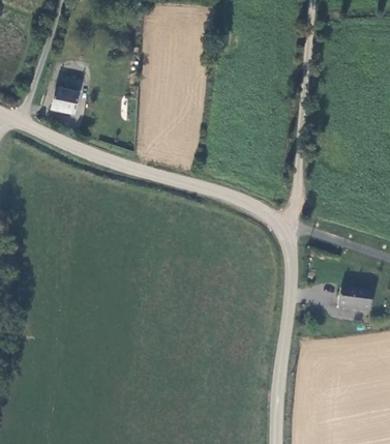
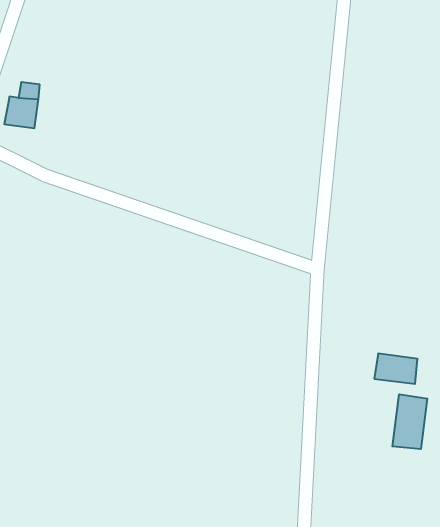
building: none -> [392,394,427,449]

